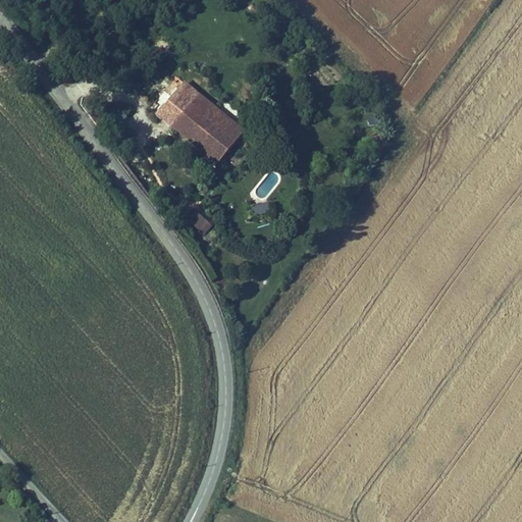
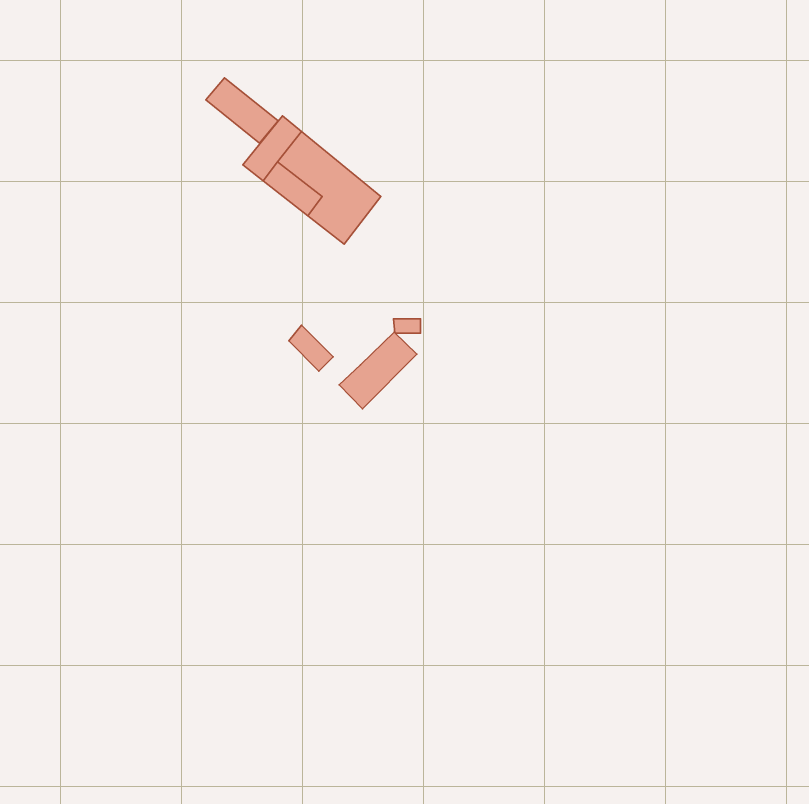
building: none -> [206,78,278,143]
building: none -> [339,332,417,409]

